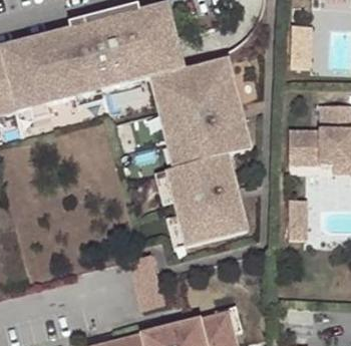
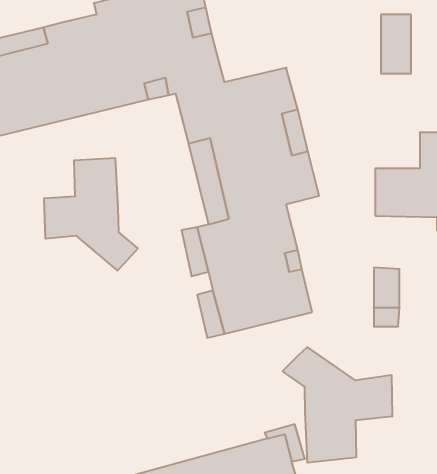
building: none -> [44,158,138,271]
building: none -> [283,347,392,463]

